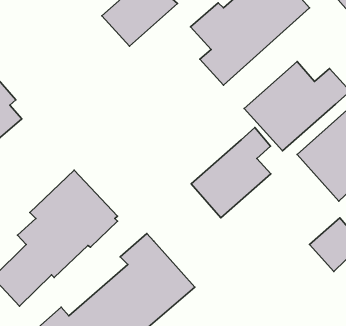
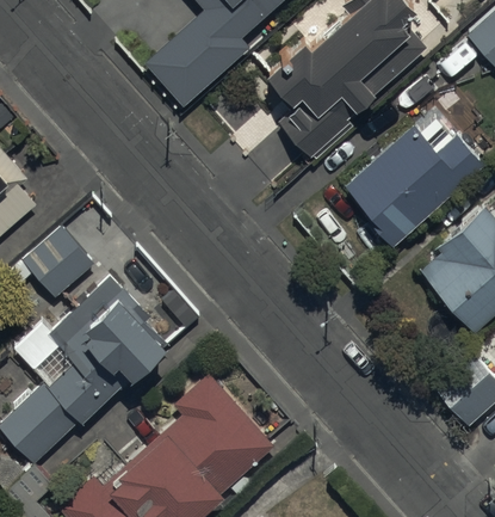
building: [191,128,271,218] -> none
building: none -> [23,221,93,290]

